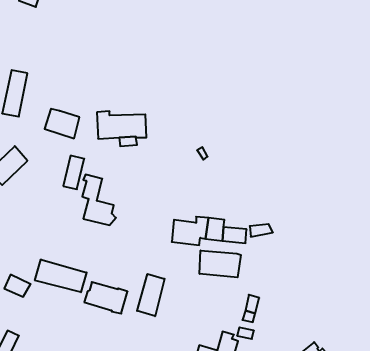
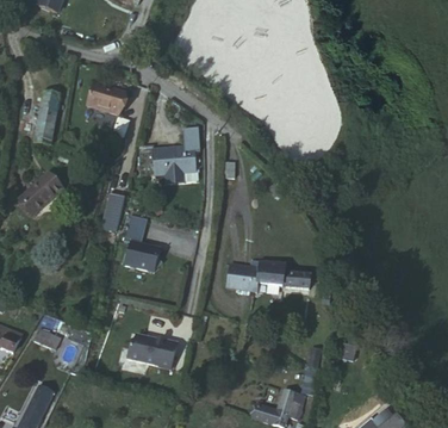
building: [45,109,79,138] -> [87,82,126,116]
building: [200,250,241,277] -> none
building: [35,259,87,292] -> none
building: [137,274,165,316] -> none

